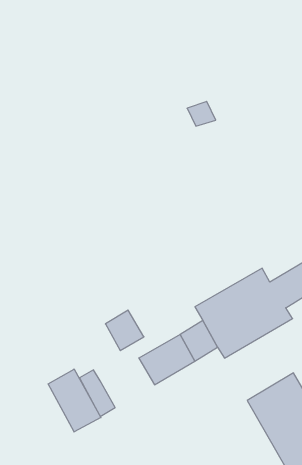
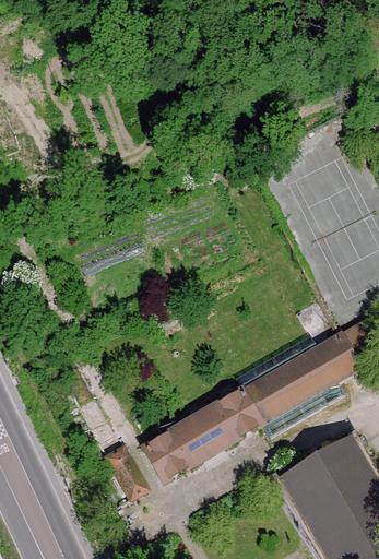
building: [105,310,144,351] -> [139,436,181,480]
building: [48,369,101,432] -> none

